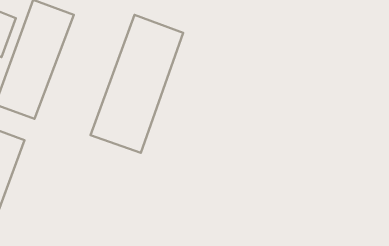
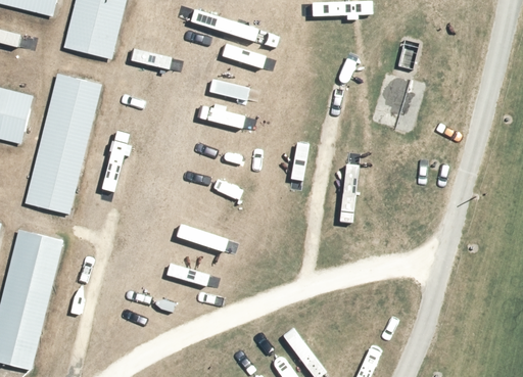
building: [90,15,183,153] -> none

